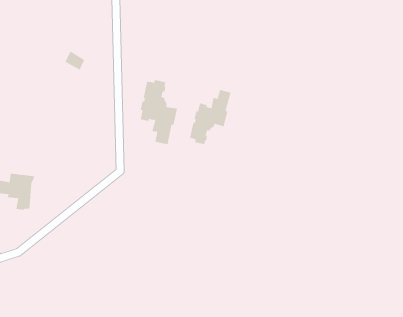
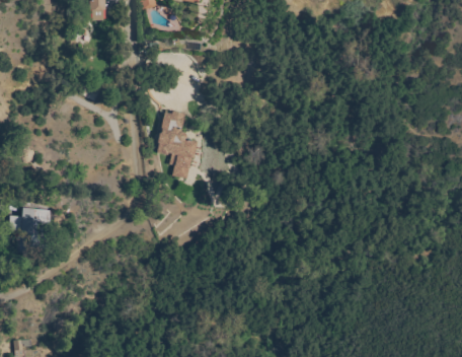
building: [190,89,231,145] -> none

